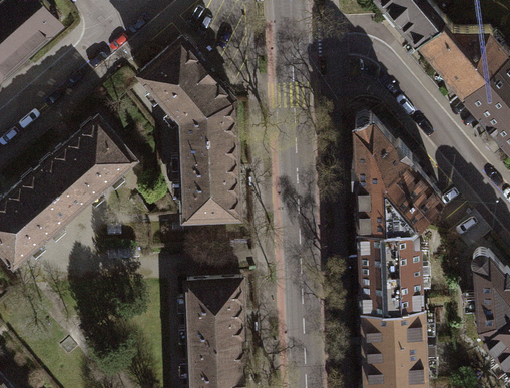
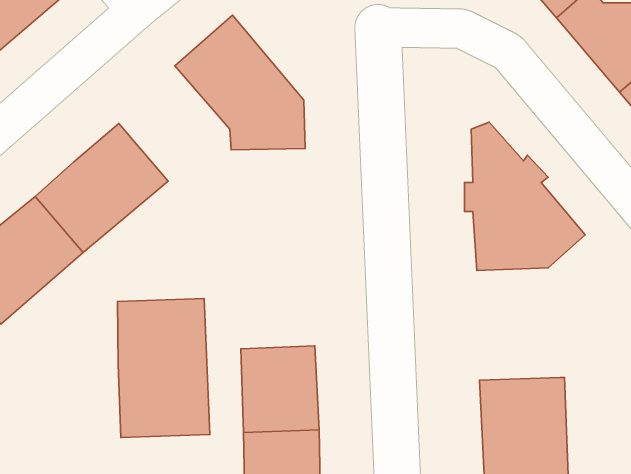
building: [179,137,237,220] -> none
building: [359,225,427,307] -> none
building: none -> [117,298,210,437]

